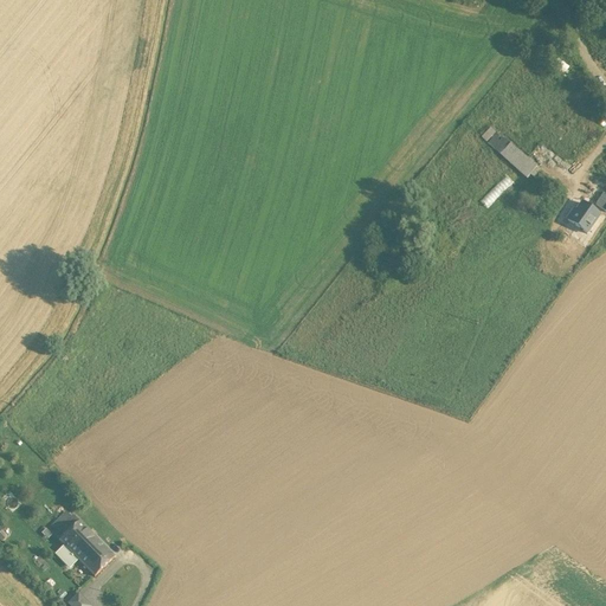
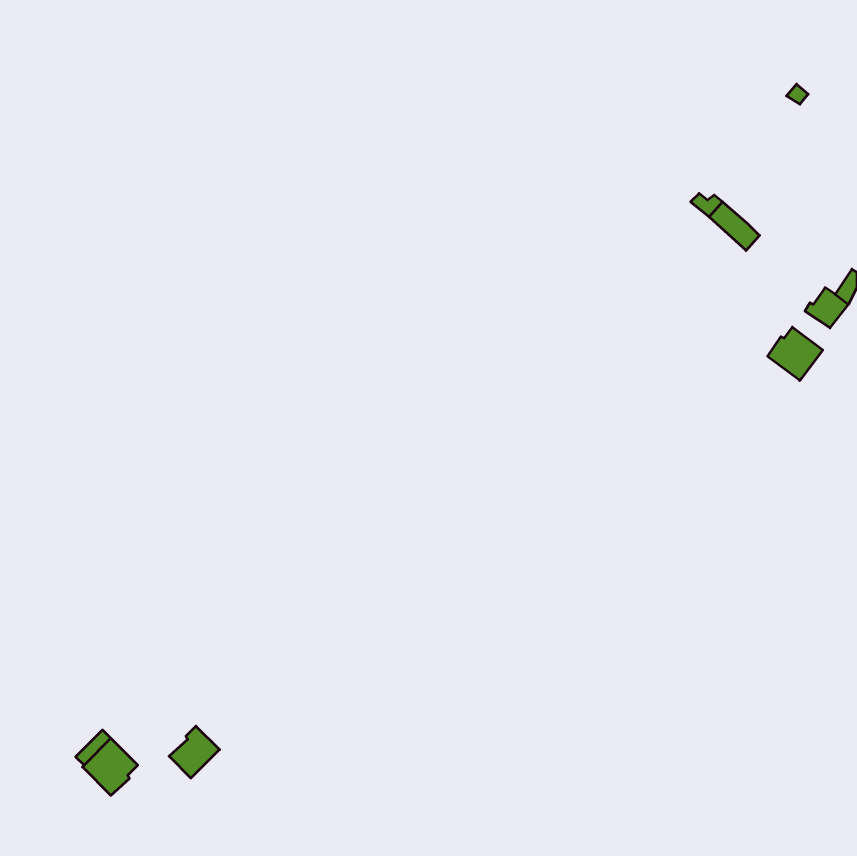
building: none -> [768,327,823,381]
building: [78,539,114,575] -> [169,726,220,778]

